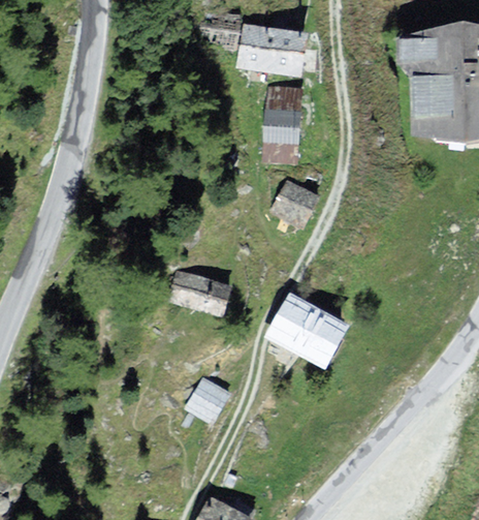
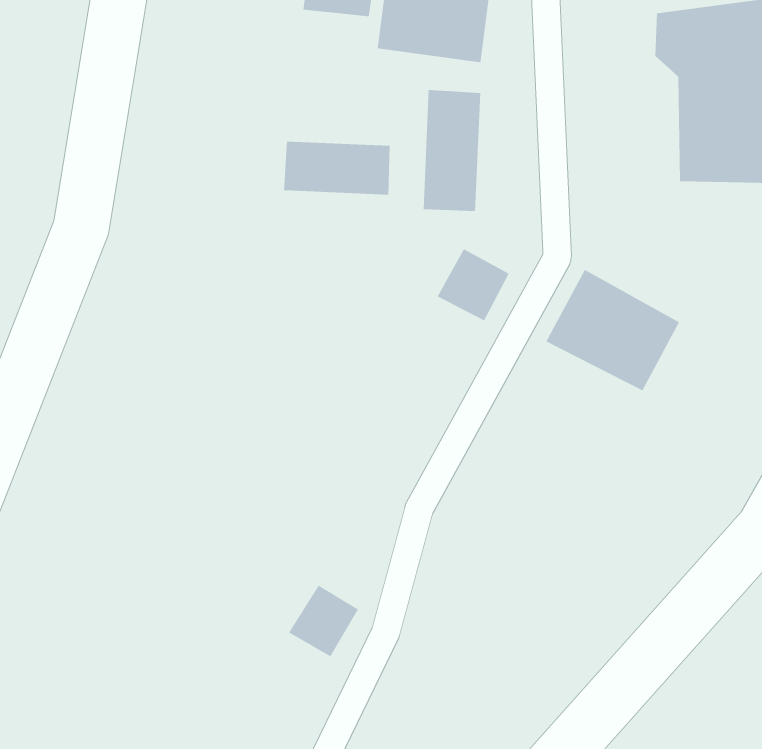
building: none -> [284,141,390,195]
building: [171,272,229,312] -> none
building: [267,293,346,364] -> [546,269,680,391]

